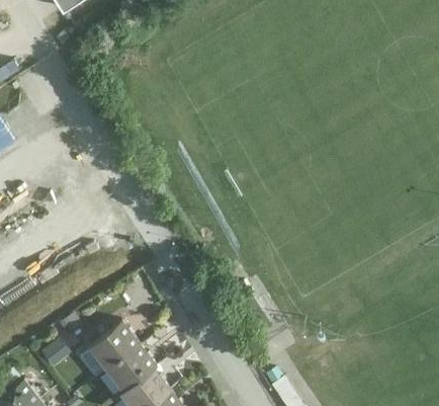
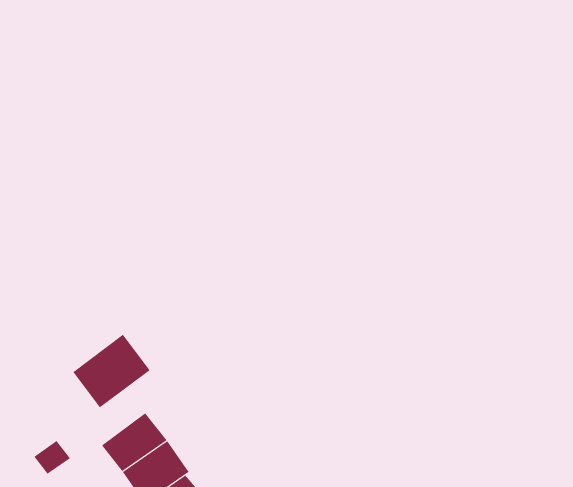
building: none -> [72,334,150,408]

